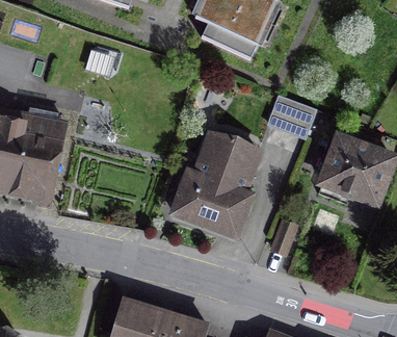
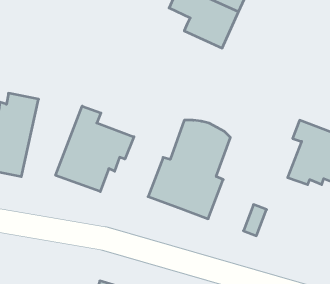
building: [267,95,316,137] -> none
building: none -> [56,106,134,192]

